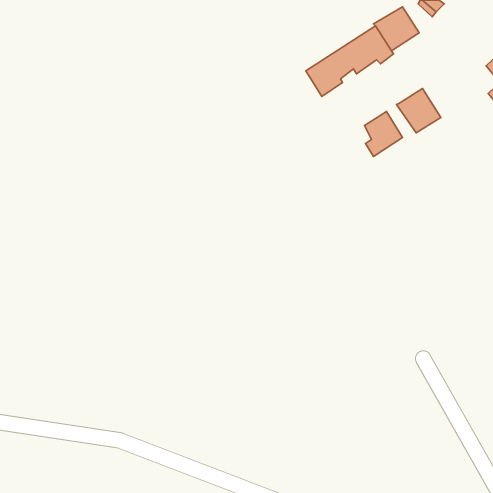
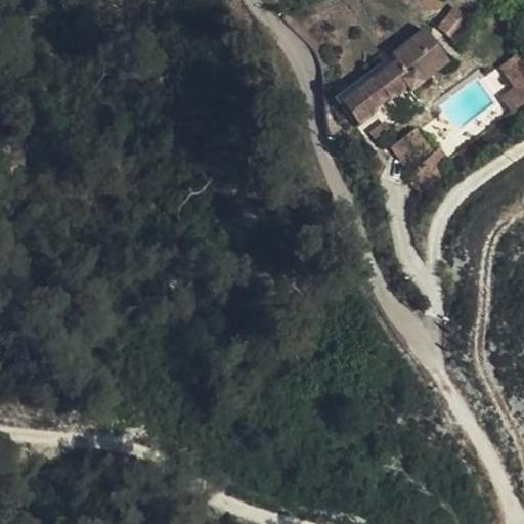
building: [396,89,441,133] -> none

